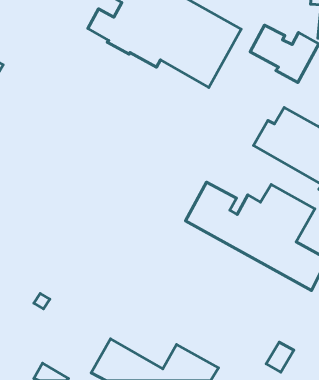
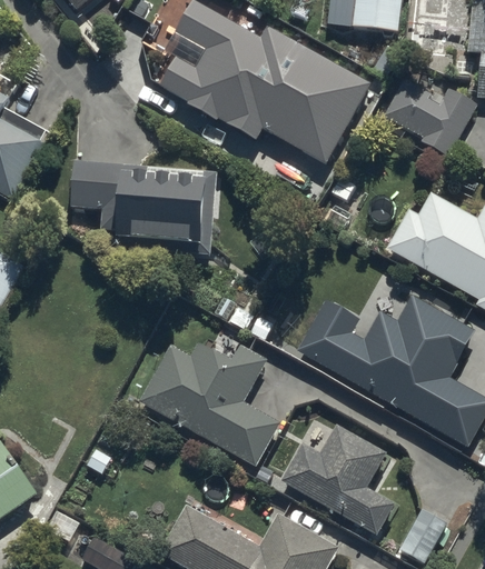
building: none -> [73,161,211,248]
building: none -> [145,347,278,462]
building: none -> [290,429,388,528]

